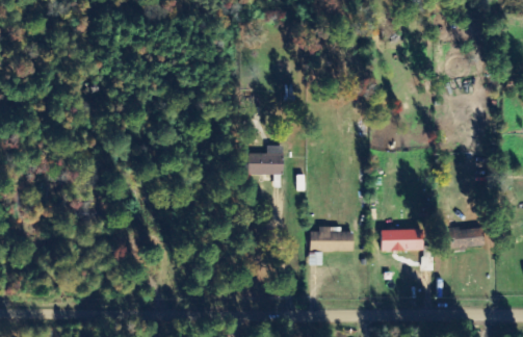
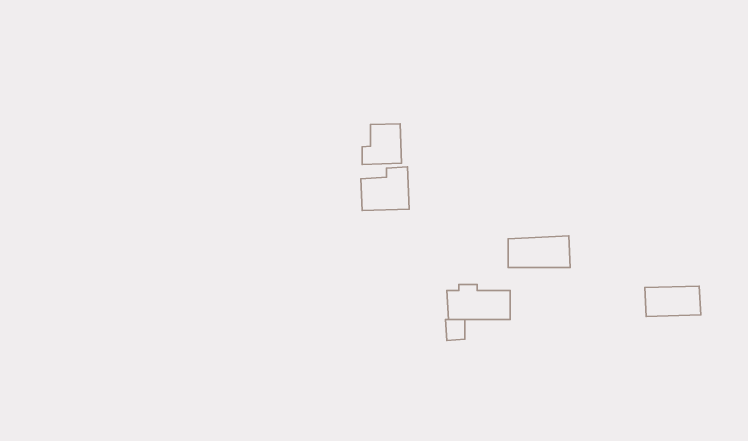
building: none -> [362,124,402,165]
building: [381,228,423,250] -> [508,236,570,268]

